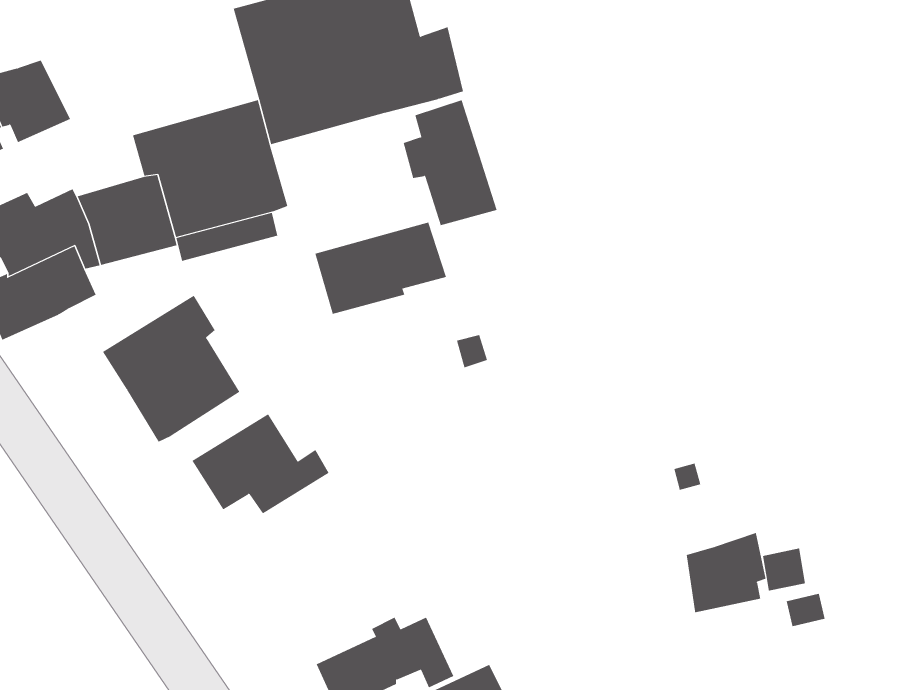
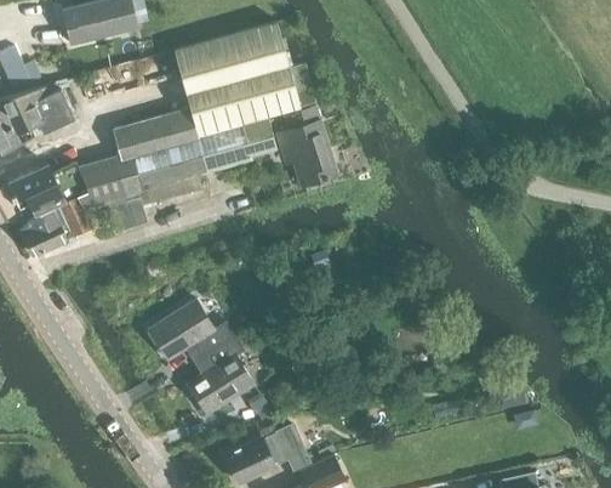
building: [314,222,447,315] -> [196,115,278,172]
building: [102,295,240,442] -> none
building: none -> [187,336,253,414]
building: [686,532,766,613] -> none

